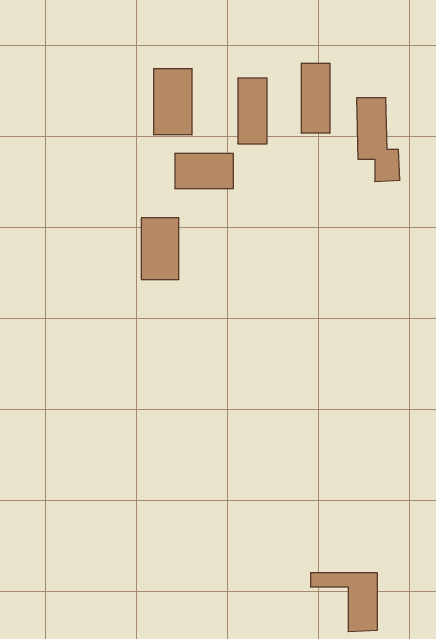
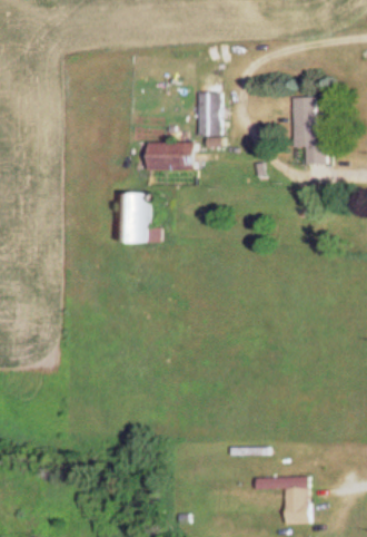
building: [301,63,330,133] -> none
building: [154,68,192,135] -> none

